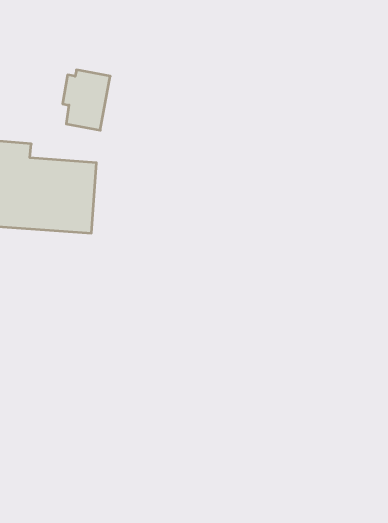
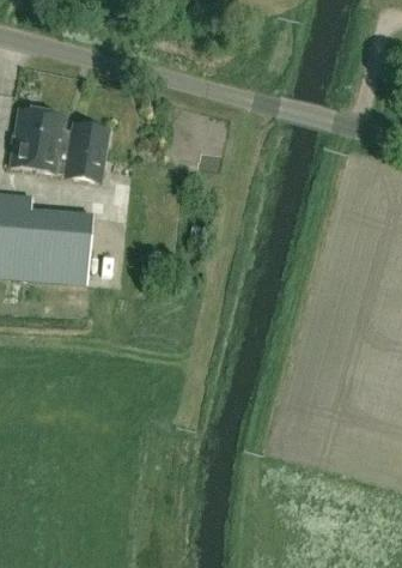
building: none -> [7,111,66,174]

